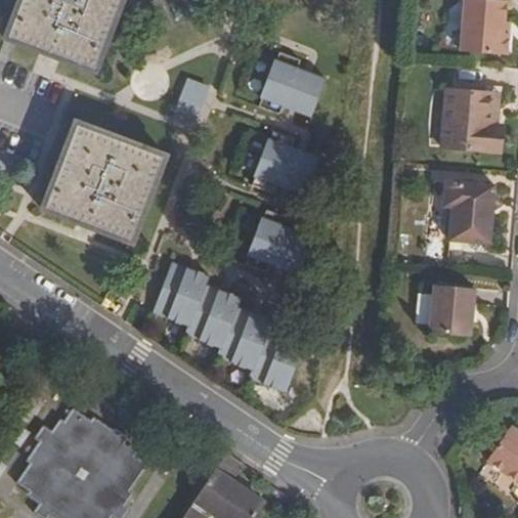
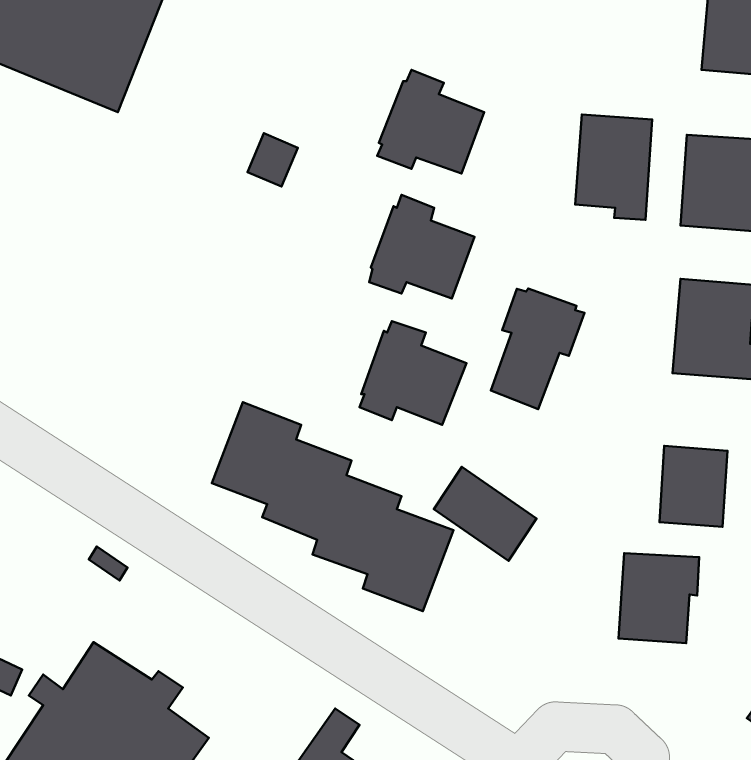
building: none -> [575,114,652,220]
building: [44,121,165,246] -> none
building: none -> [491,288,584,409]
building: none -> [434,467,536,561]
building: none -> [619,553,699,643]

